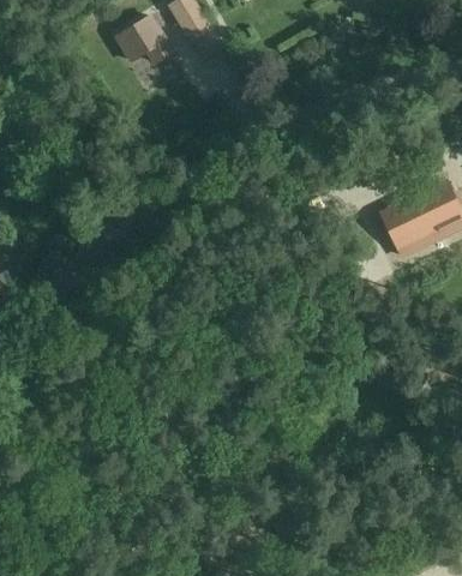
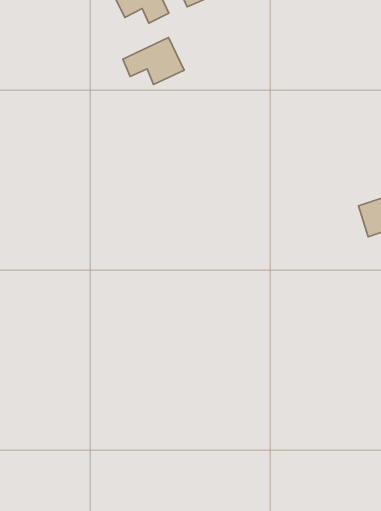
building: none -> [123,38,184,84]

